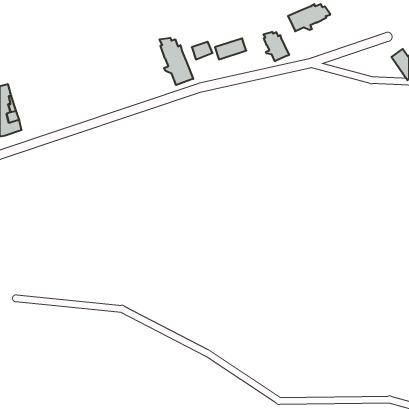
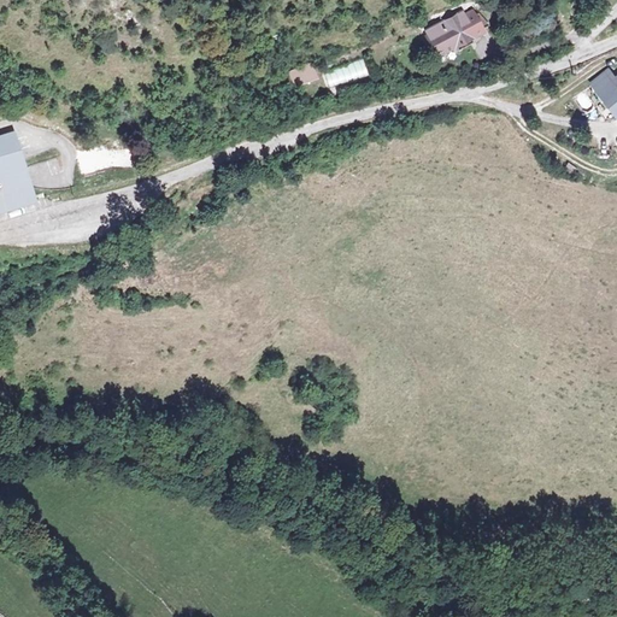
building: [263,32,289,61] -> none
building: [160,38,193,85] -> none

